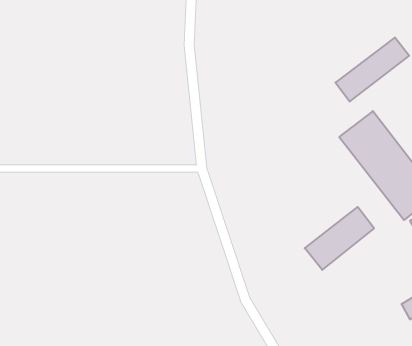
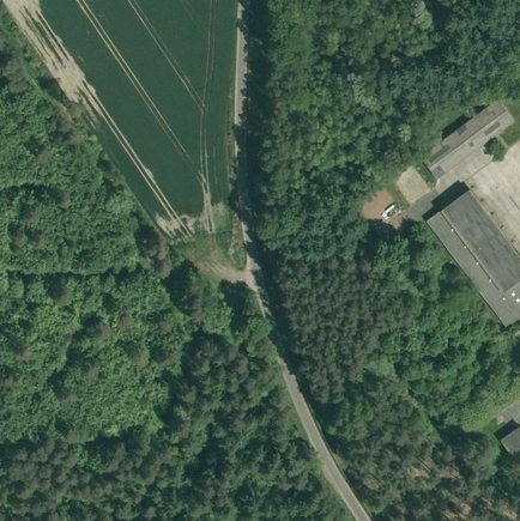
building: [305,207,374,270] -> none

